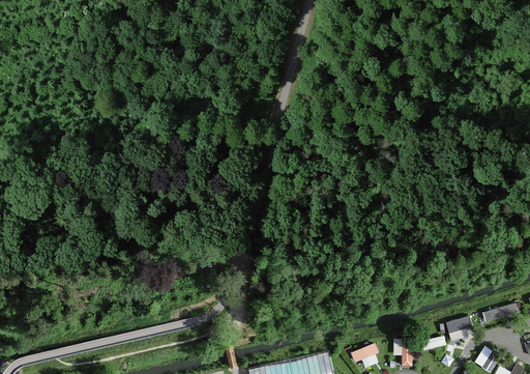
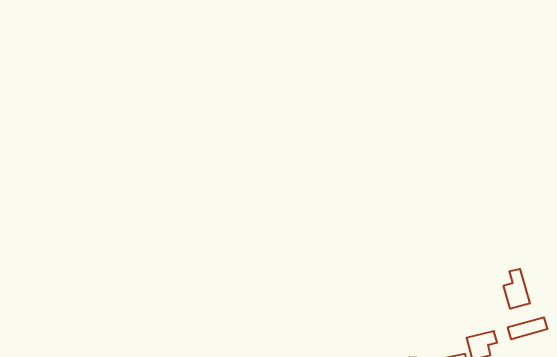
building: none -> [504,269,530,309]

